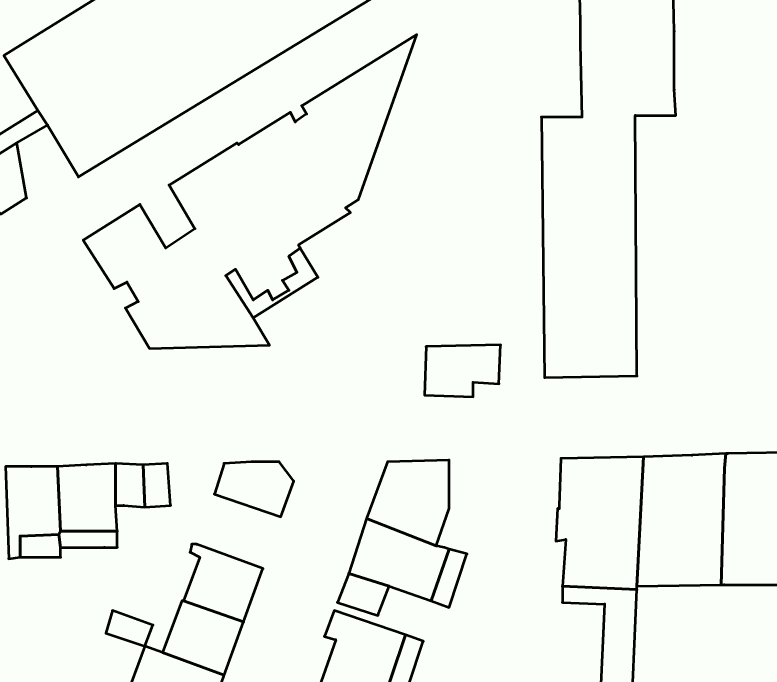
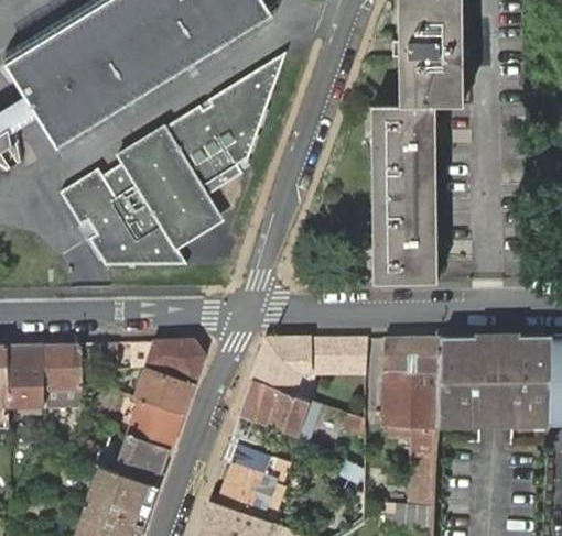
building: [425,345,501,397] -> [314,339,366,374]
building: none -> [136,368,192,414]

